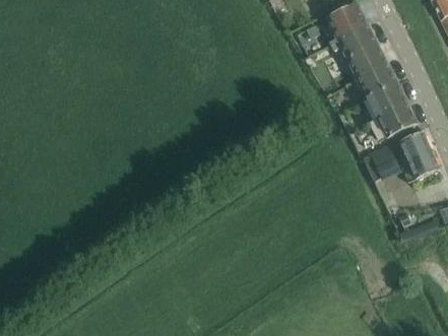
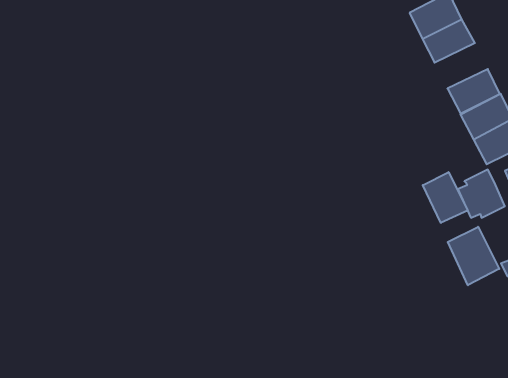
building: [345,42,387,77] -> none
building: none -> [423,172,468,223]
building: none -> [448,227,499,285]

